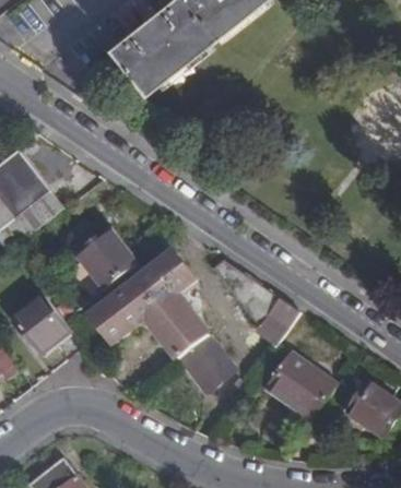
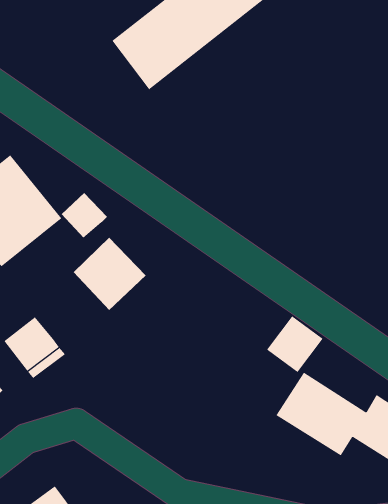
building: none -> [61,192,108,239]
building: [91,247,244,398] -> none

